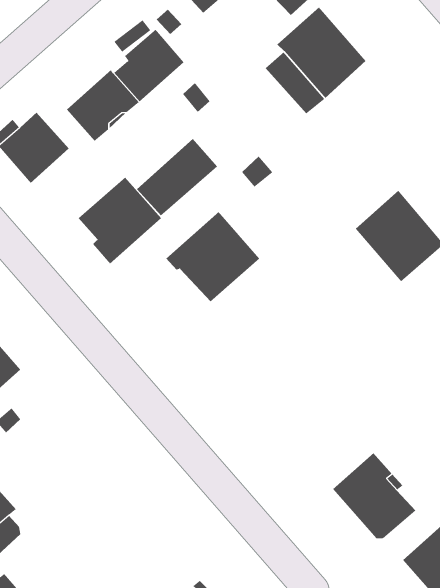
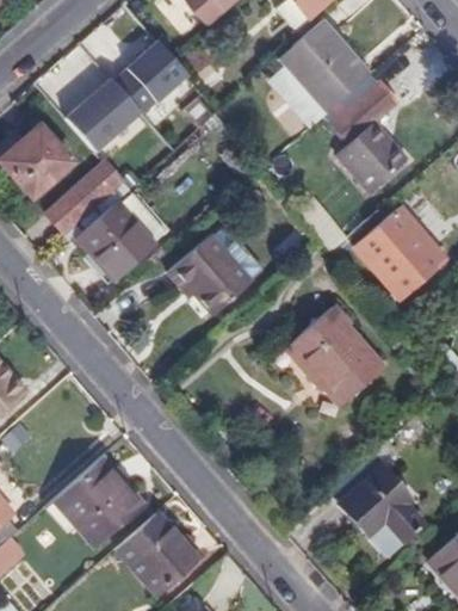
building: none -> [338,84,410,191]
building: [136,138,218,216] -> [47,161,129,240]
building: none -> [272,300,385,412]
building: none -> [55,453,138,537]
building: none -> [117,507,196,587]

